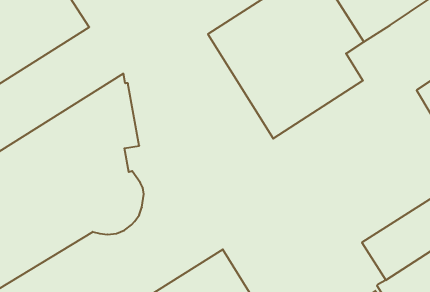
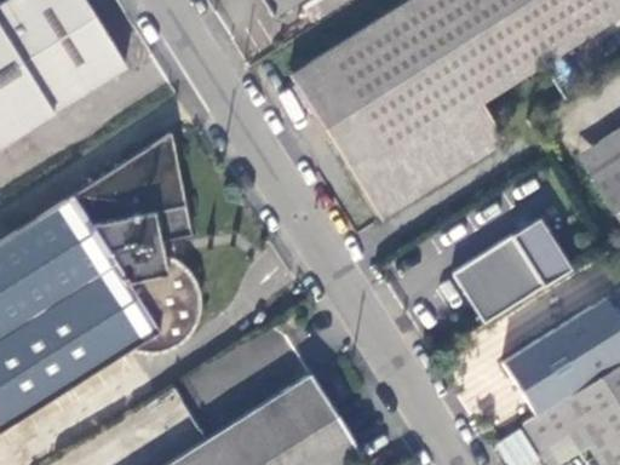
building: none -> [450,213,572,323]

